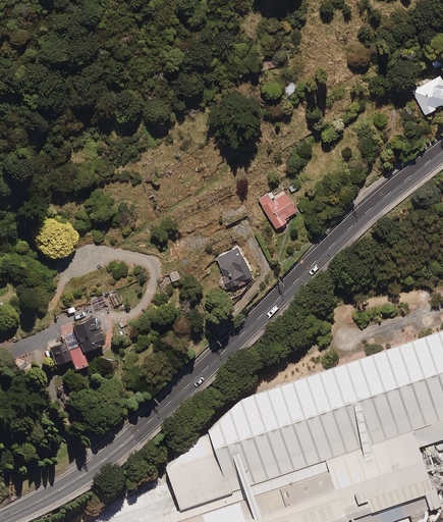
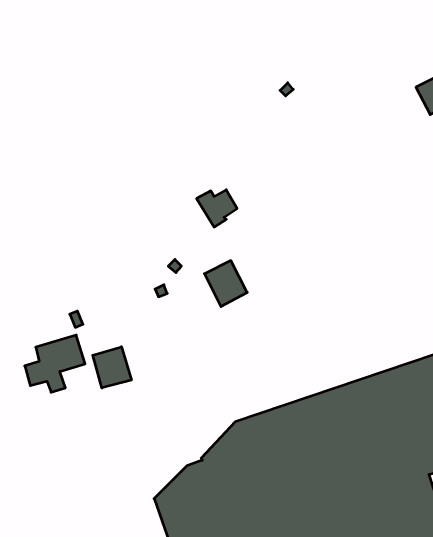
building: [259,193,296,227] -> [197,190,237,227]
building: none -> [93,347,131,388]

